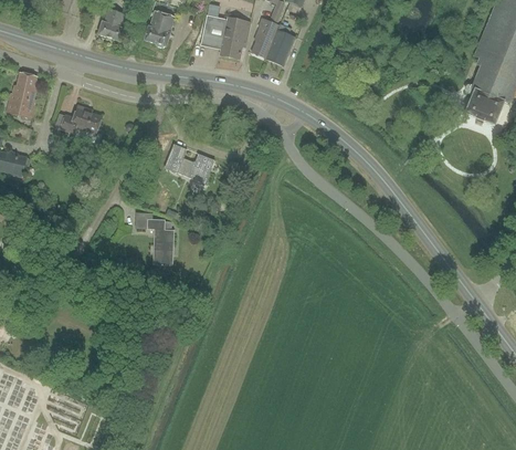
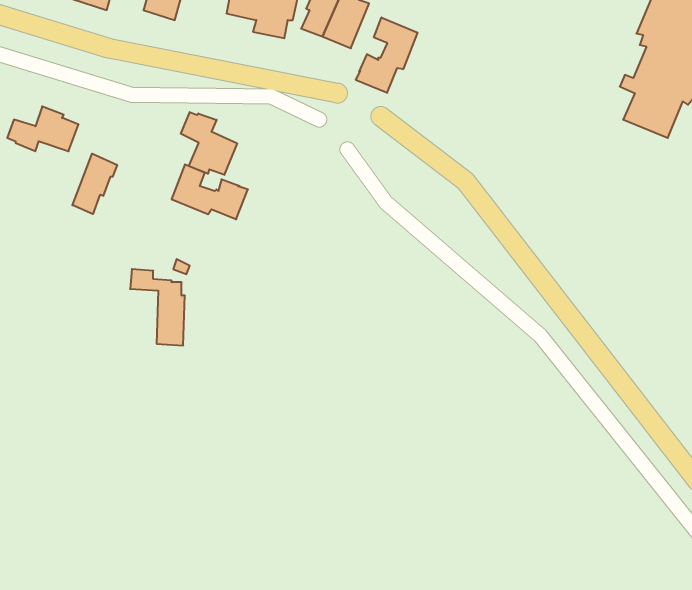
building: none -> [356,17,418,93]
building: none -> [181,112,237,175]
building: none -> [72,154,117,214]

